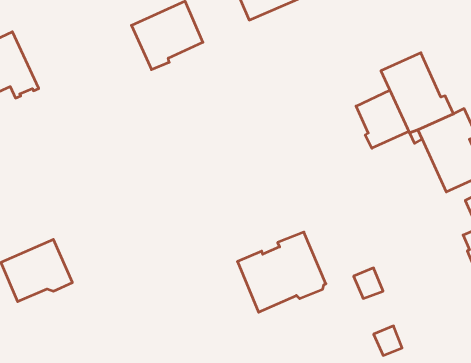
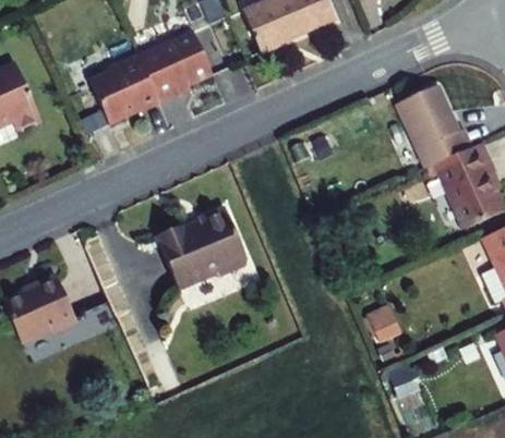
building: none -> [91,53,159,122]
building: [356,90,409,148] -> none
building: [237,232,326,312] -> [157,206,249,289]

